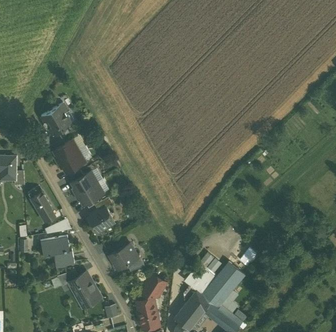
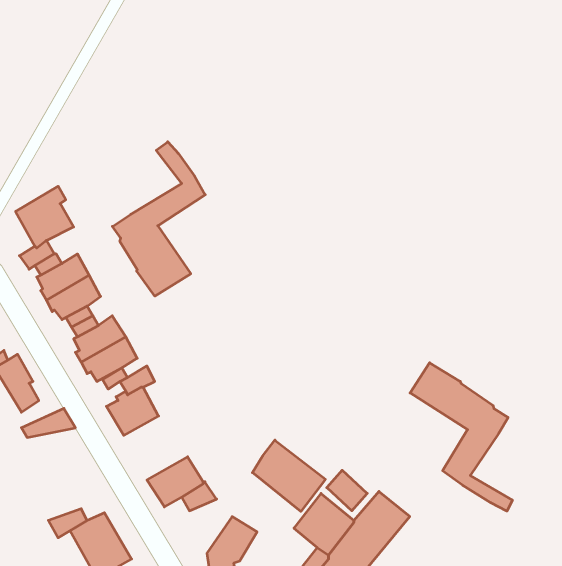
building: none -> [112,142,205,296]
building: none -> [410,363,512,511]
building: none -> [252,440,325,511]
building: [40,236,75,268] -> none

